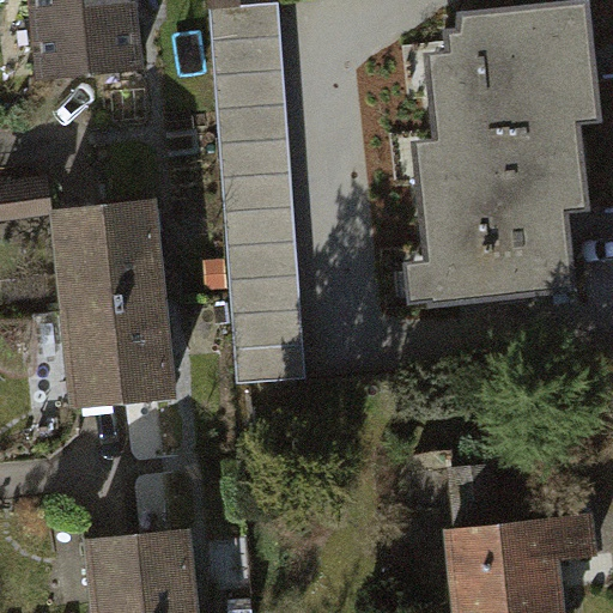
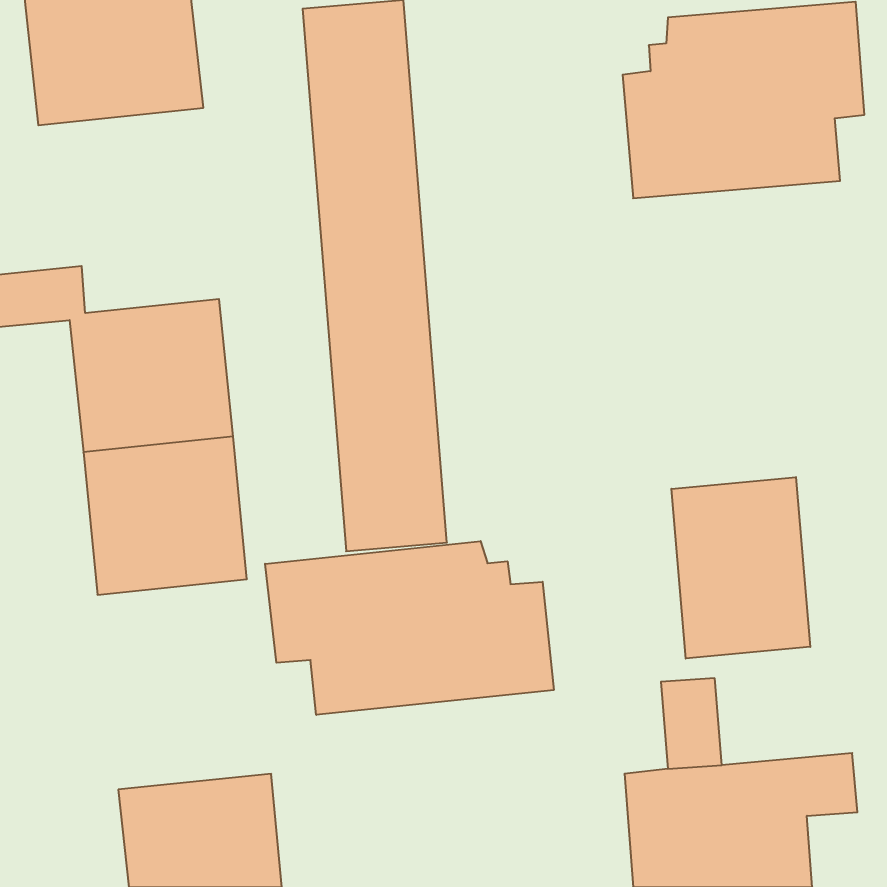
building: [407,125,583,304] -> none
building: none -> [671,477,810,659]
building: none -> [265,541,554,715]

